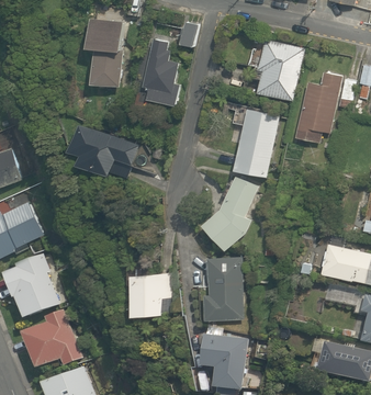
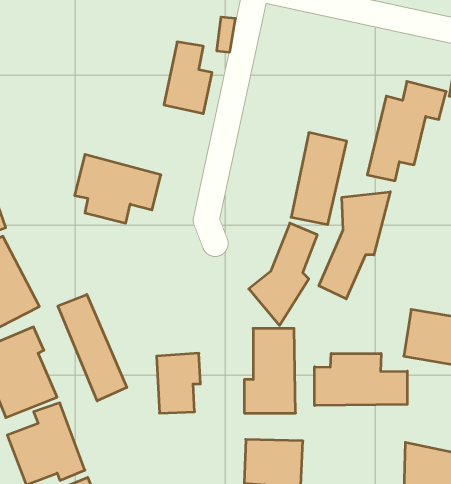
building: [93,21,125,90] -> none
building: [258,40,305,101] -> none
building: none -> [319,192,390,299]
building: none -> [58,294,127,401]
building: none -> [315,353,407,406]

